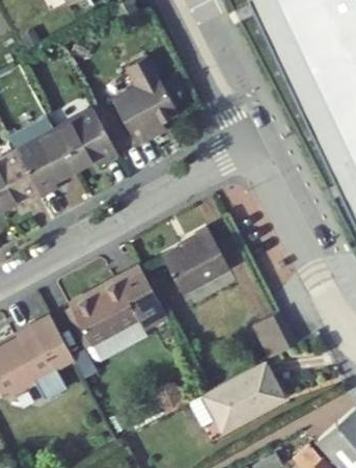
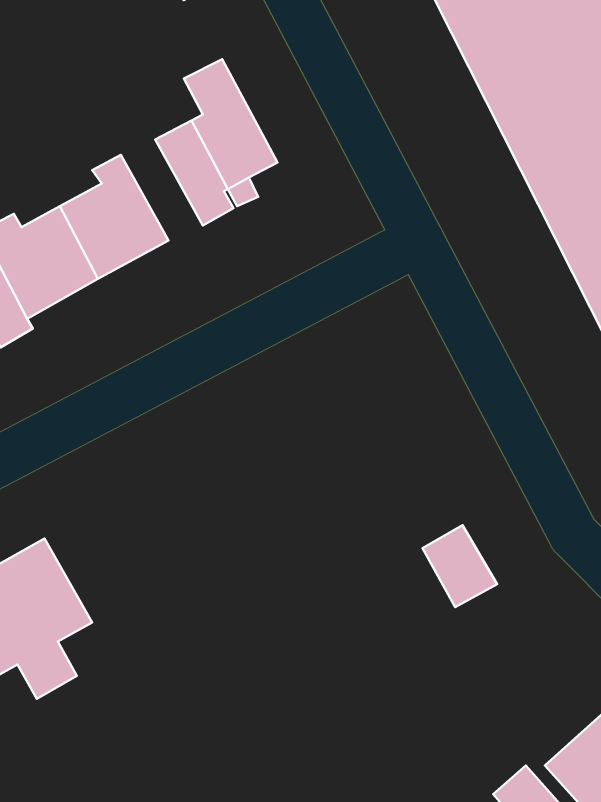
building: [161,227,227,293] -> none
building: [77,269,168,347] -> none
building: [186,359,278,426] -> none

